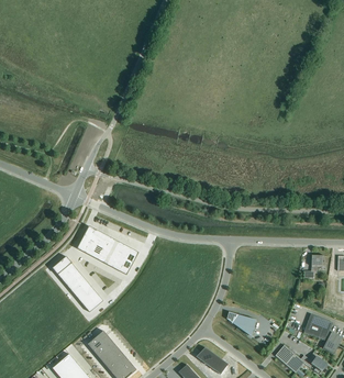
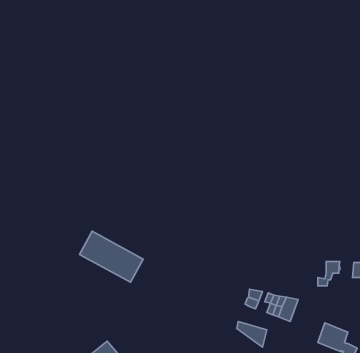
building: [52,256,102,312] -> none

